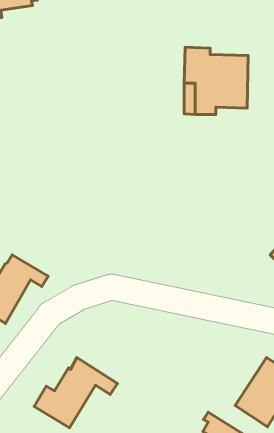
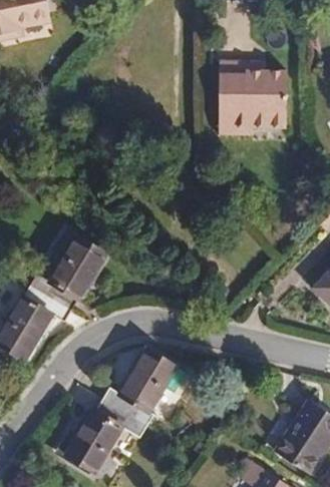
building: none -> [32,236,106,311]
building: none -> [102,347,187,427]

